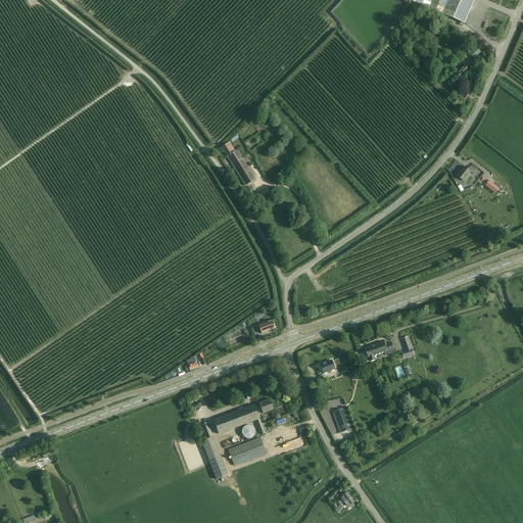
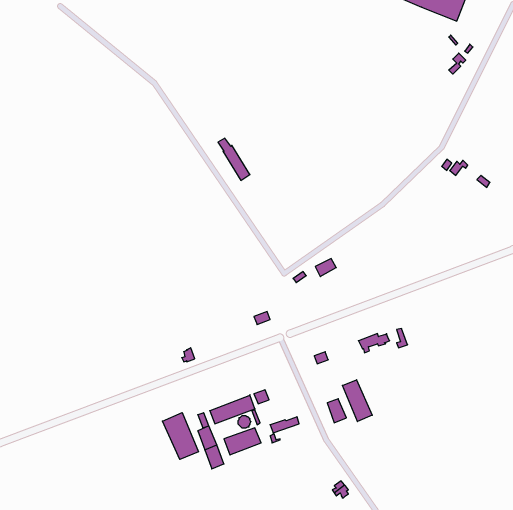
building: none -> [342,380,372,422]
building: none -> [162,413,199,459]

